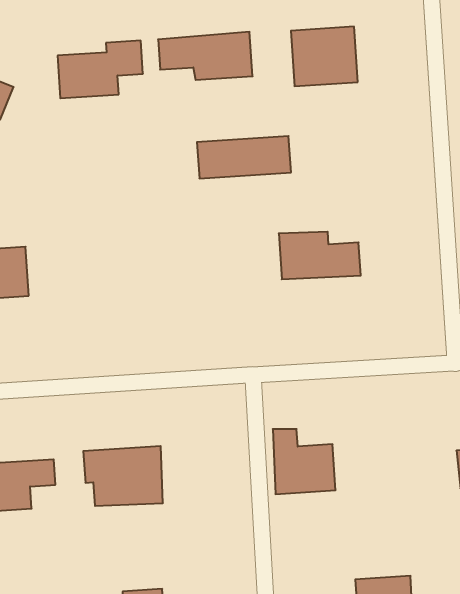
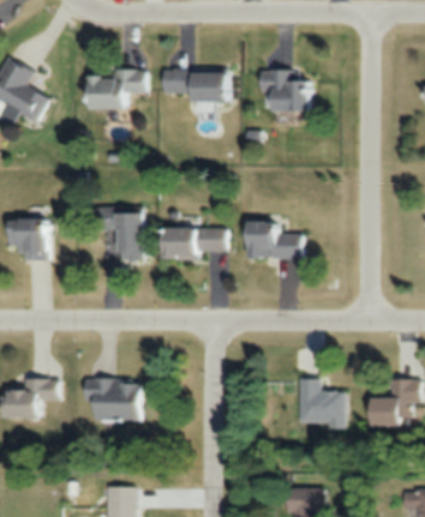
building: [197,136,291,178] -> [157,229,227,257]
building: none -> [101,209,144,260]
building: [273,429,336,494] -> [299,377,345,426]

